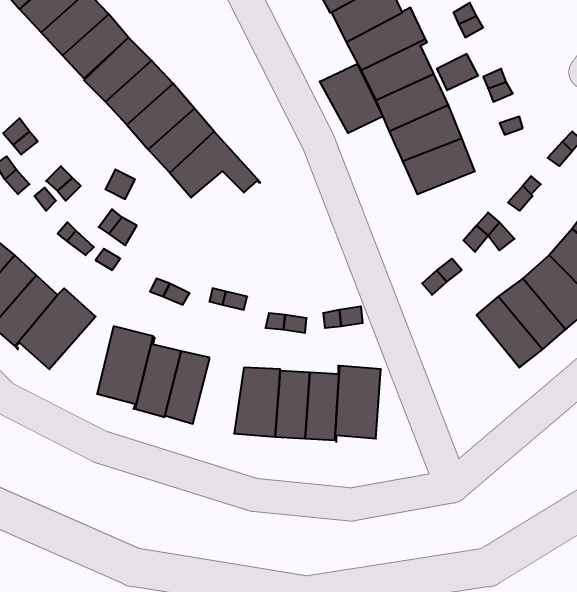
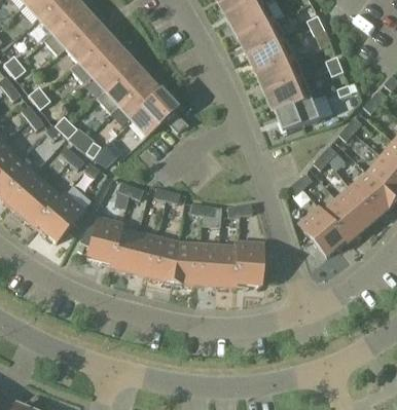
building: [320,64,383,133] -> none
building: none -> [299,206,349,255]
building: none -> [145,235,177,282]

